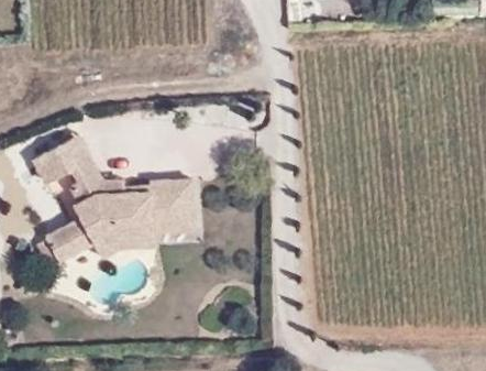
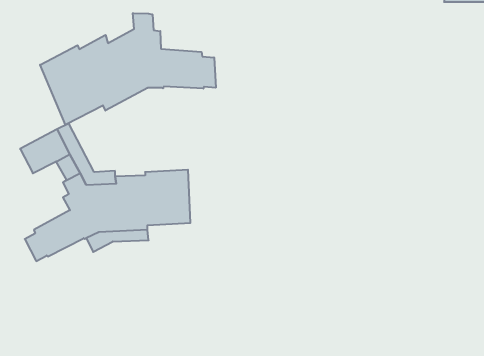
building: none -> [40,13,216,125]

